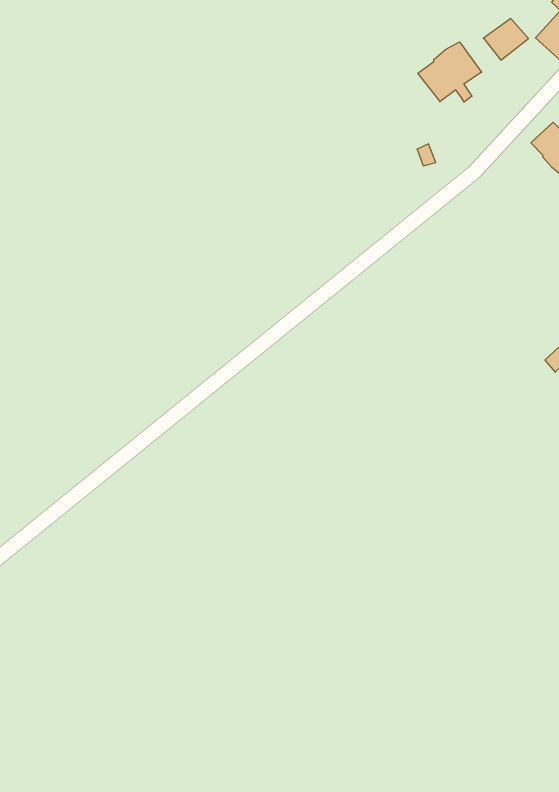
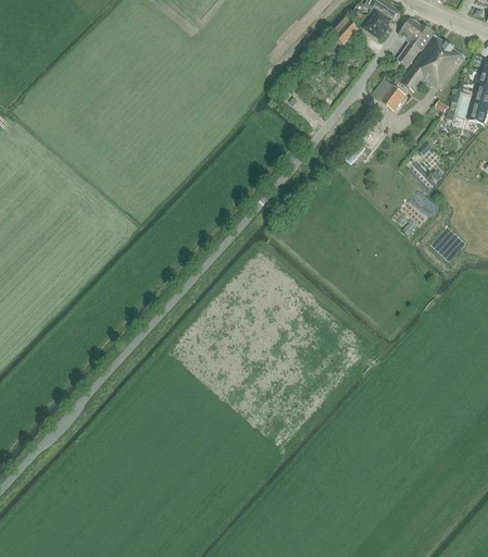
building: [418,42,482,102] -> none

